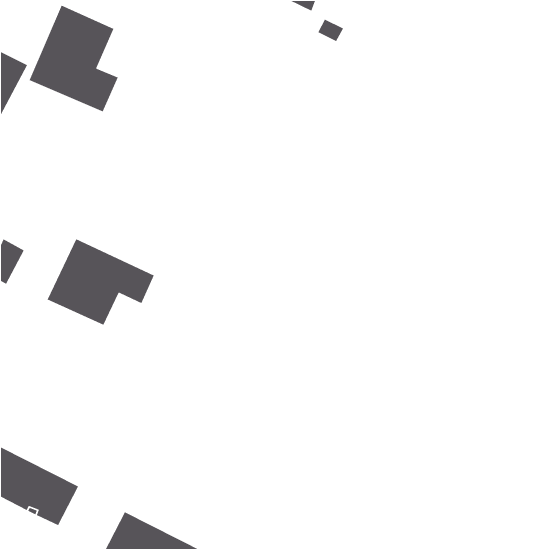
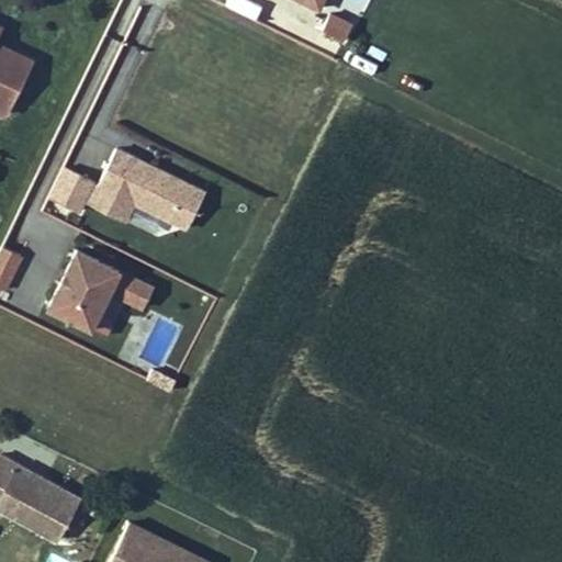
building: [29,4,119,113] -> none
building: none -> [48,147,209,232]

